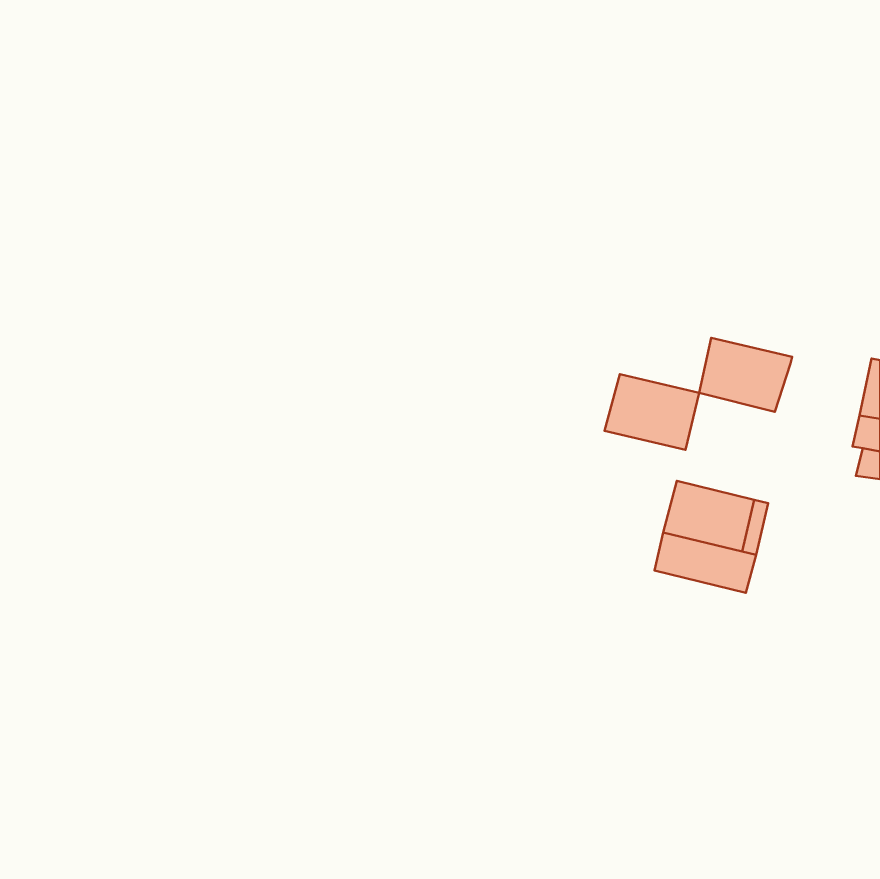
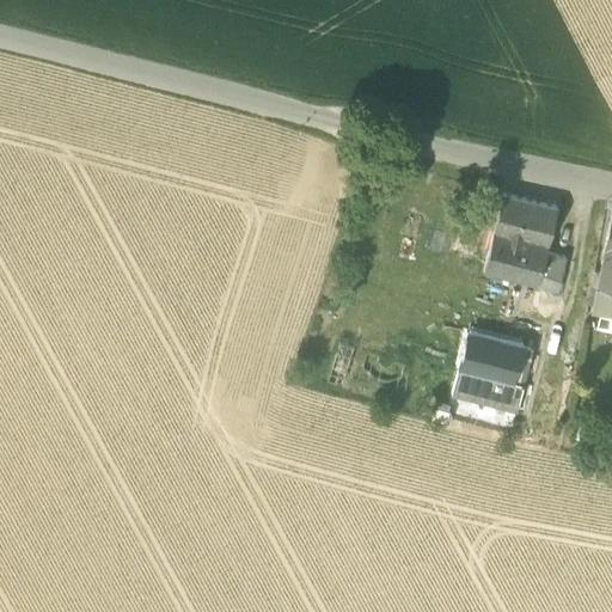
building: none -> [538,253,567,293]
building: [604,374,699,450] -> [494,196,559,249]

